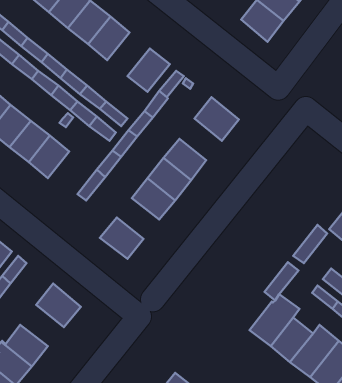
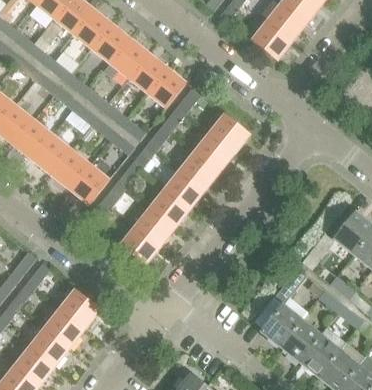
building: none -> [126,52,166,93]
building: none -> [194,133,234,172]
building: none -> [70,164,108,204]
building: none -> [135,208,175,246]
building: none -> [44,308,85,347]

